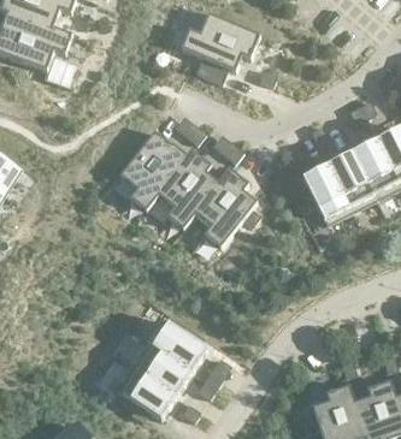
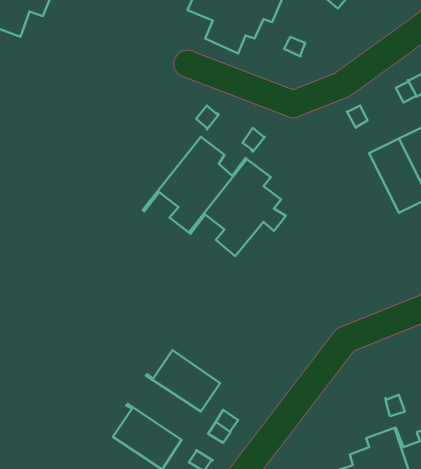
building: [118,130,190,208] -> none
building: [297,162,350,224] -> none
building: [131,342,190,393] -> none

